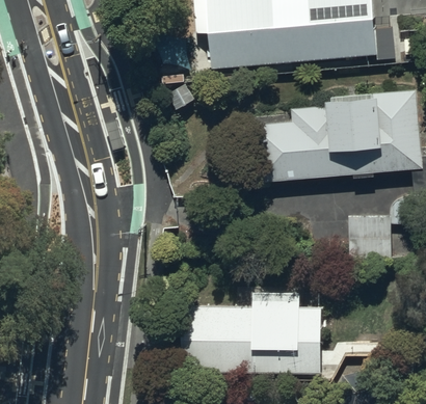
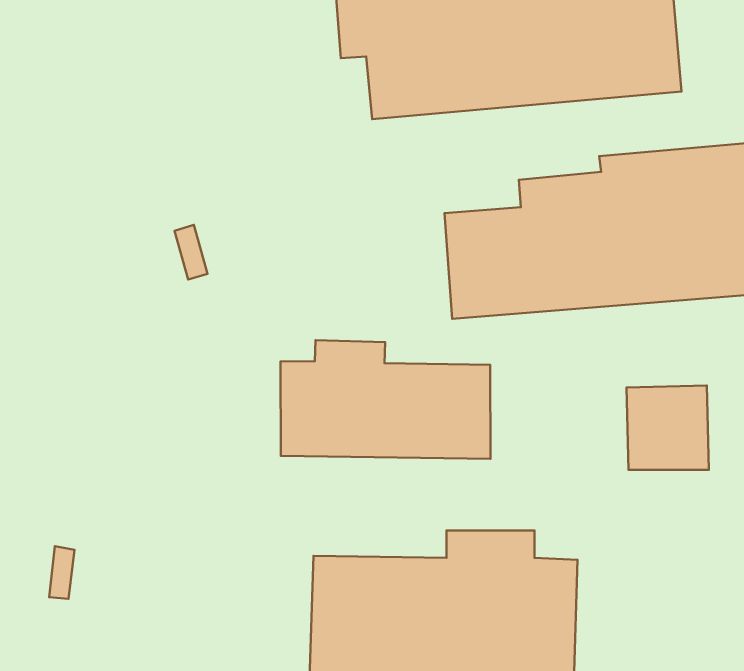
building: none -> [281,340,490,459]

